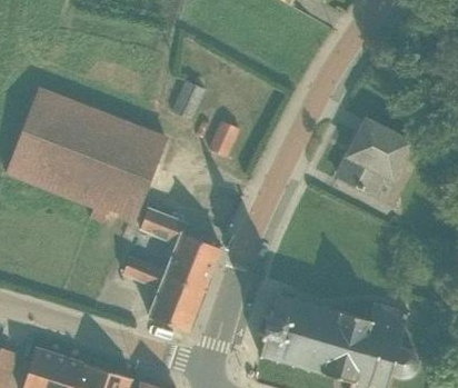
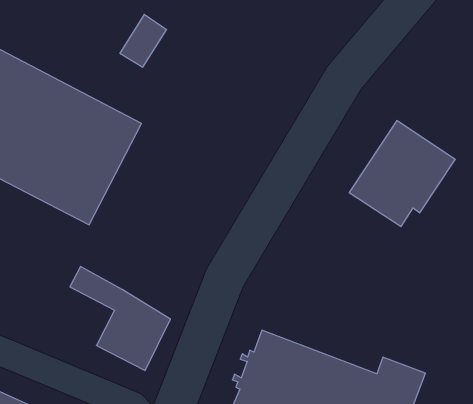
building: [171,79,206,120] -> [120,14,167,67]
building: [208,119,240,157] -> none
building: [140,206,221,289] -> none

